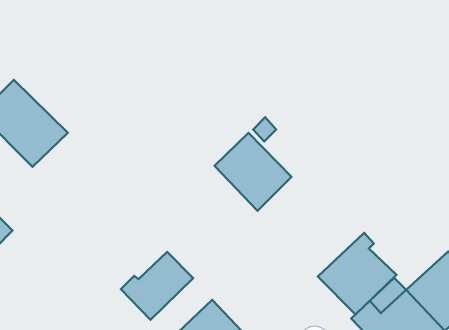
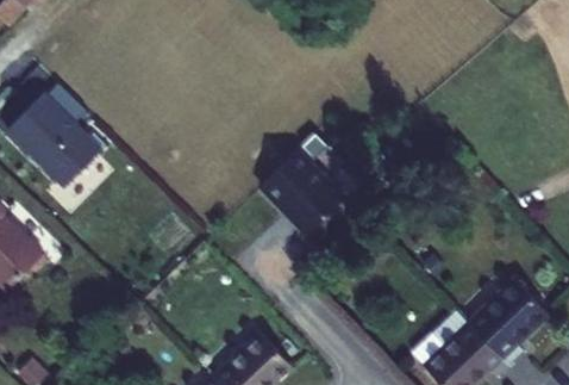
building: [318,233,396,315] -> none
building: [121,252,193,320] -> none

